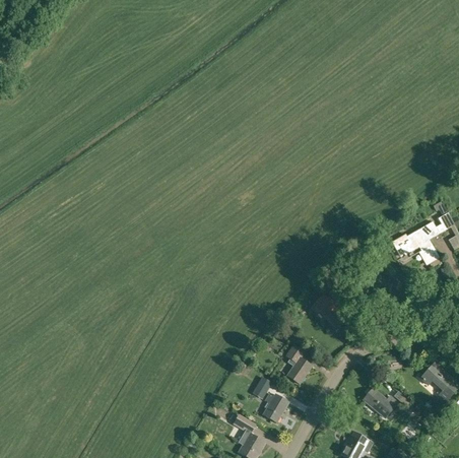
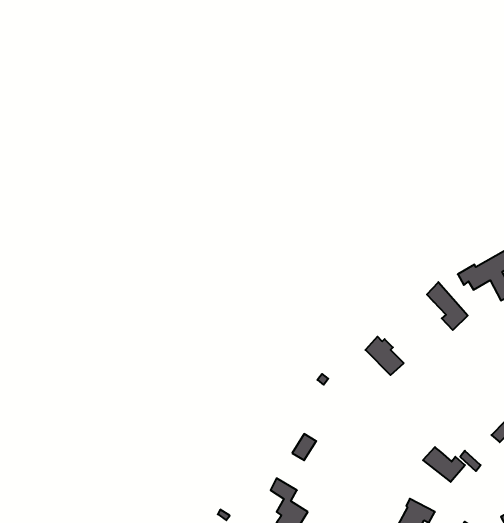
building: none -> [427,282,468,330]
building: [284,344,311,384] -> none
building: [262,393,288,422] -> none

